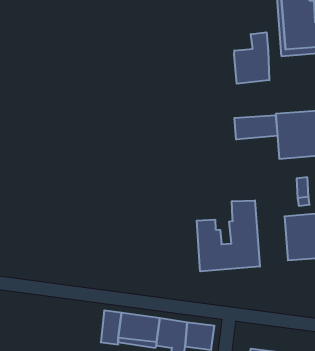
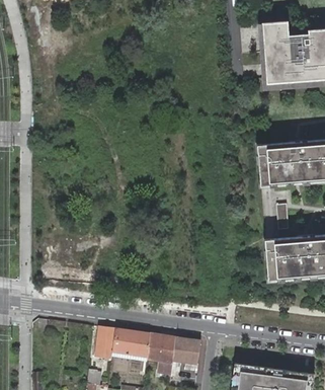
building: [234,32,269,84] -> none
building: [234,115,277,140] -> none
building: [197,200,260,271] -> none

